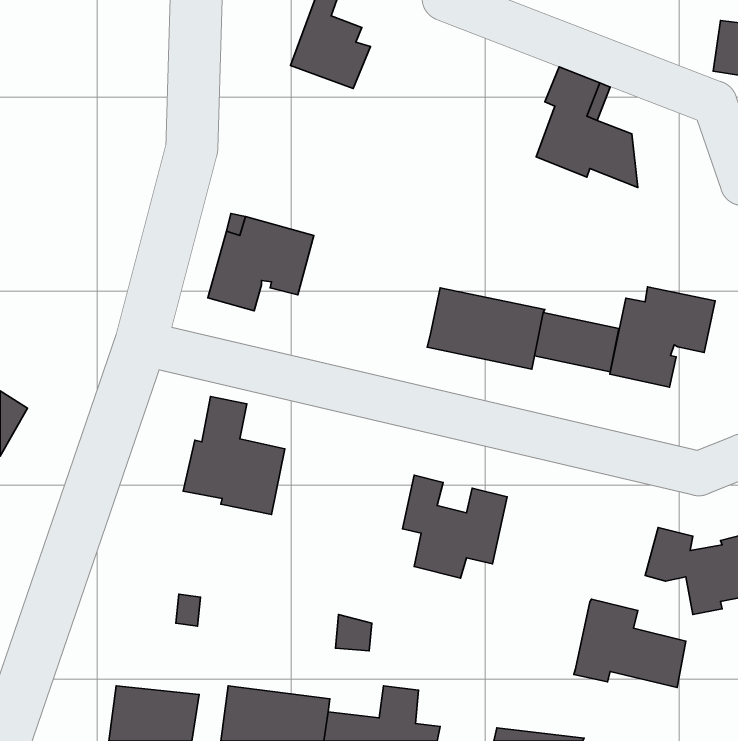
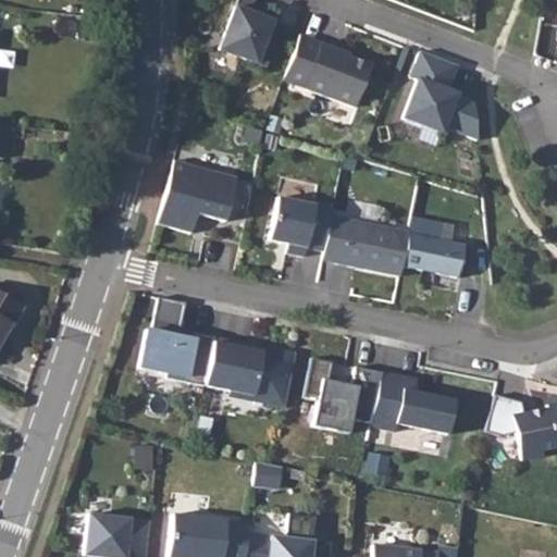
building: none -> [285,35,373,108]
building: none -> [271,197,334,257]
building: [610,287,715,387] -> none
building: none -> [207,336,298,407]
building: [574,599,686,688] -> [371,370,455,436]

